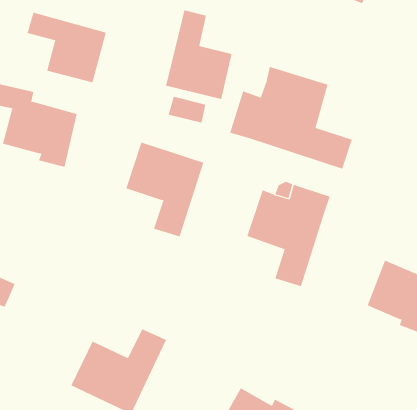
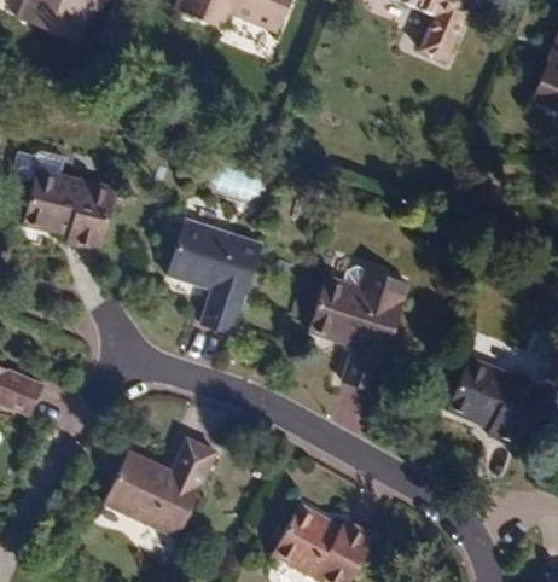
building: [165,9,232,100] -> none
building: [27,12,107,83] -> none
building: [230,66,353,169] -> none

